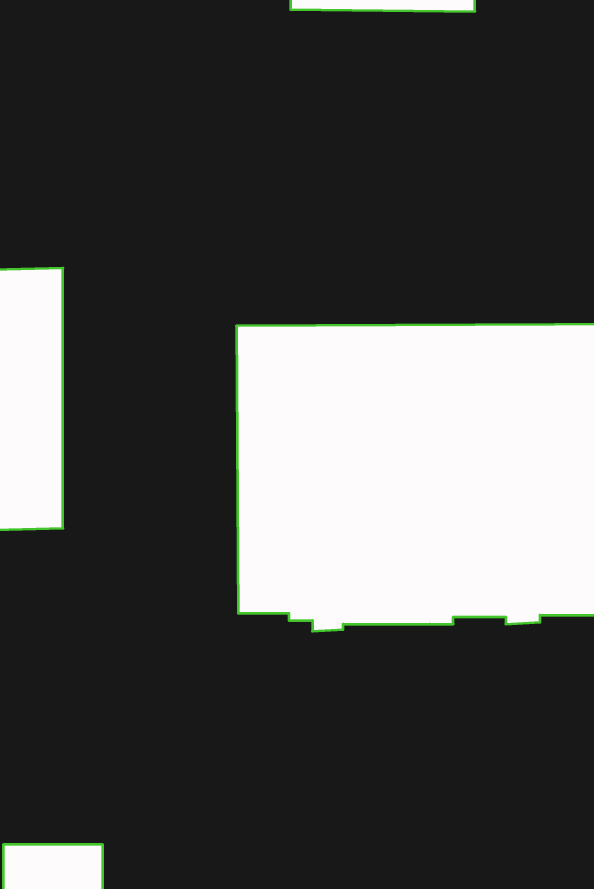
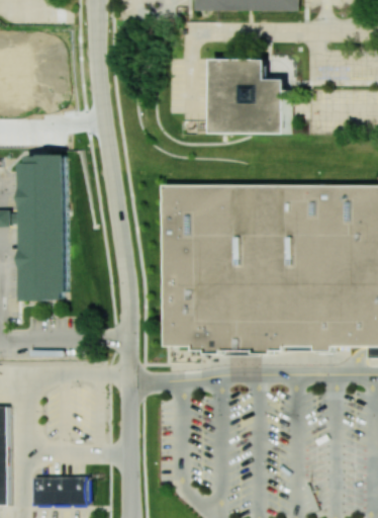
building: none -> [212,58,286,132]

